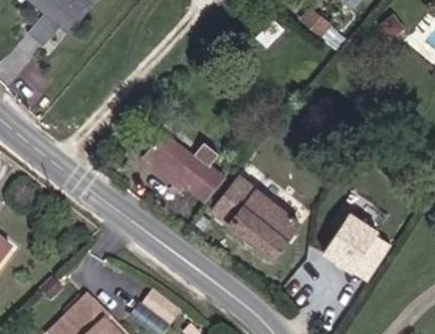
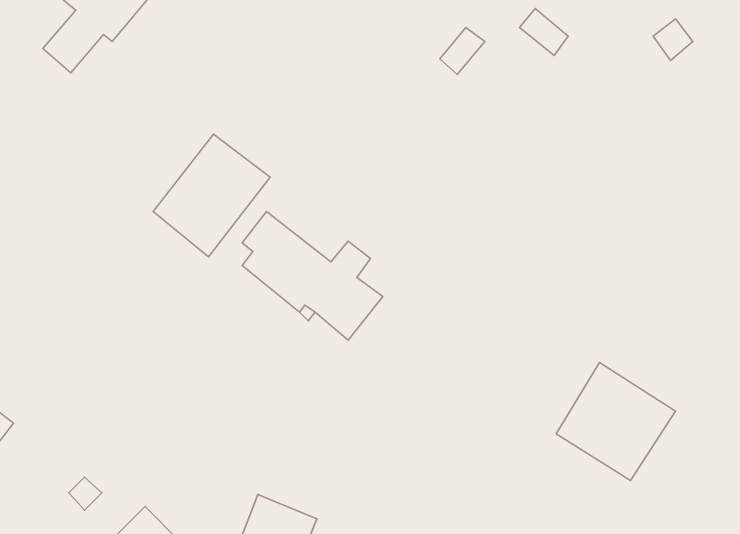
building: none -> [153,134,270,257]
building: [210,175,299,259] -> none

